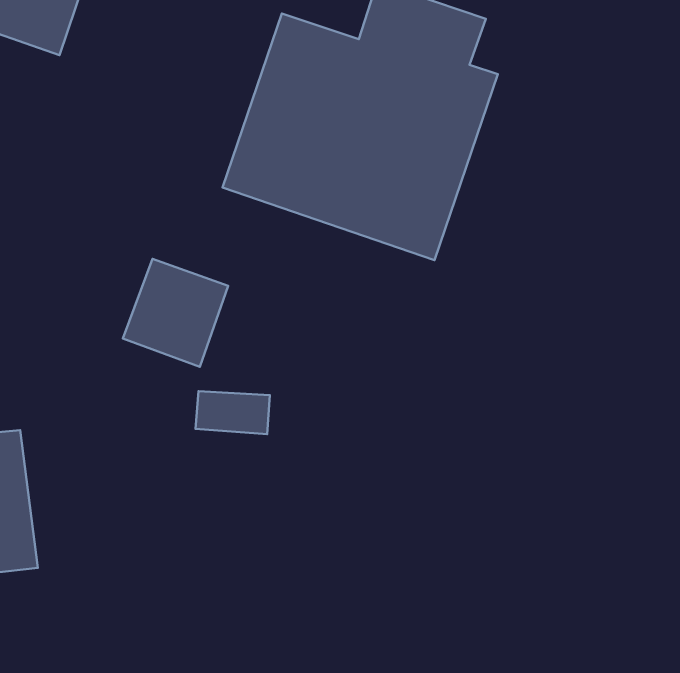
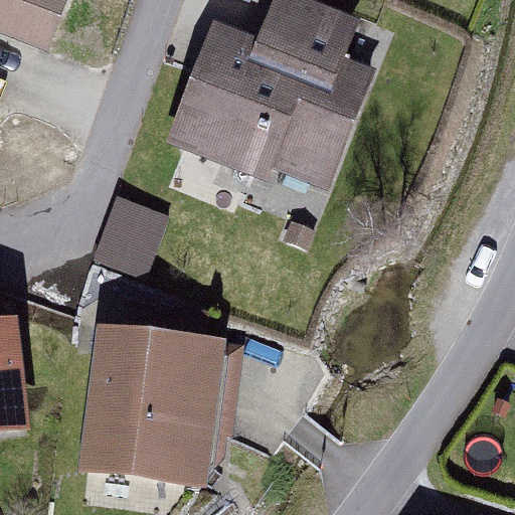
building: none -> [87,328,235,491]

